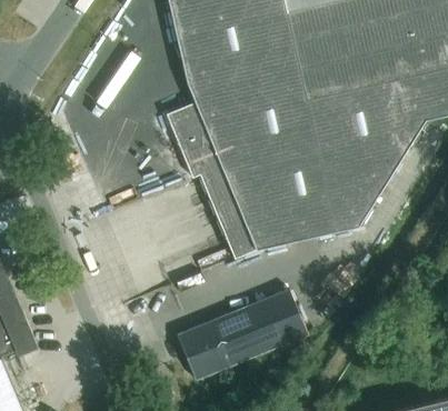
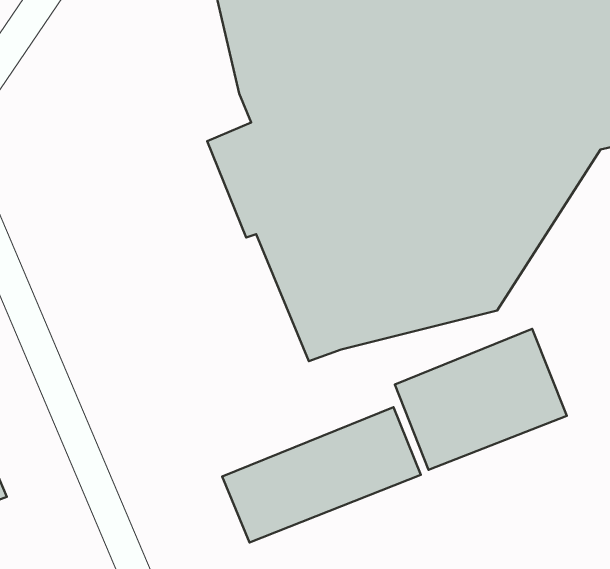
building: none -> [395,329,567,470]

